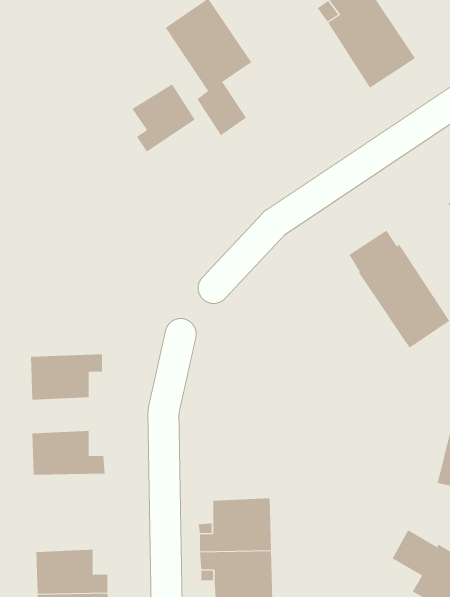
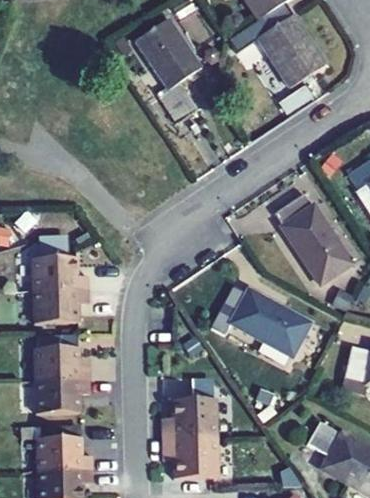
building: [132,83,196,152] -> none
building: none -> [32,236,88,290]
building: none -> [210,286,309,356]
building: none -> [35,379,90,413]

